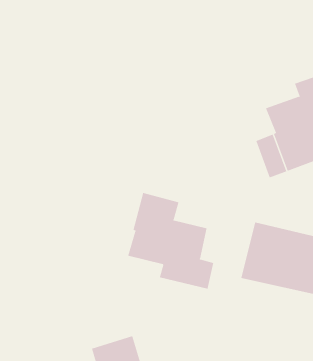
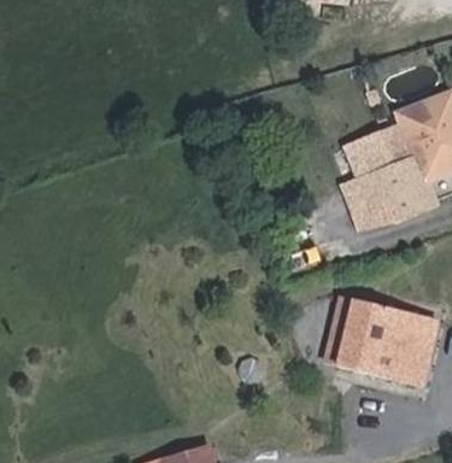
building: [127,192,214,290] -> none

